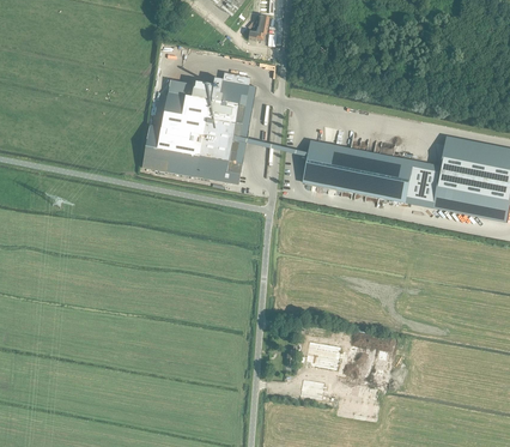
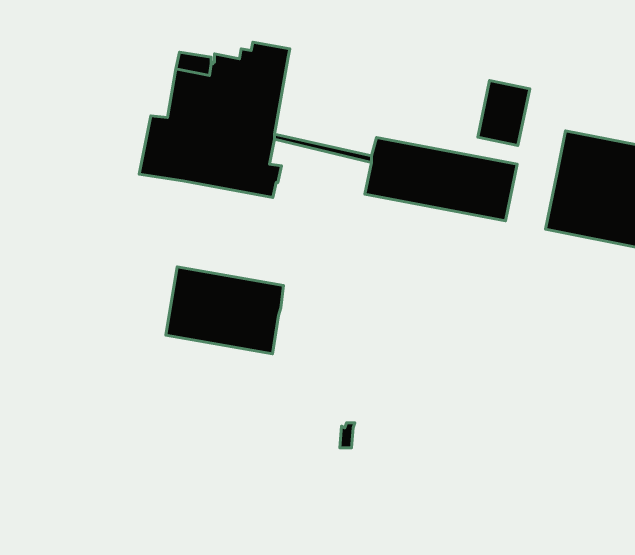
building: [405,159,442,206] -> [478,80,530,146]
building: none -> [166,267,284,354]

